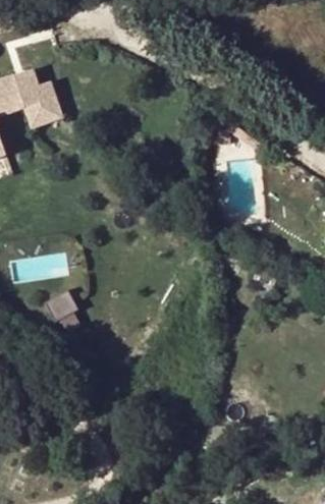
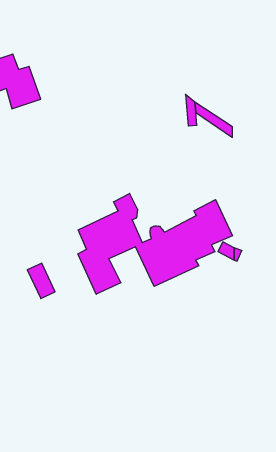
building: none -> [78,193,233,294]

